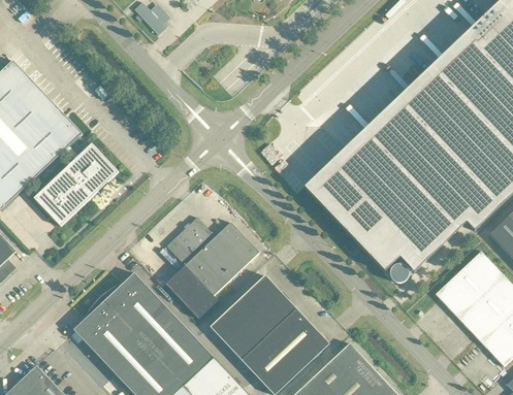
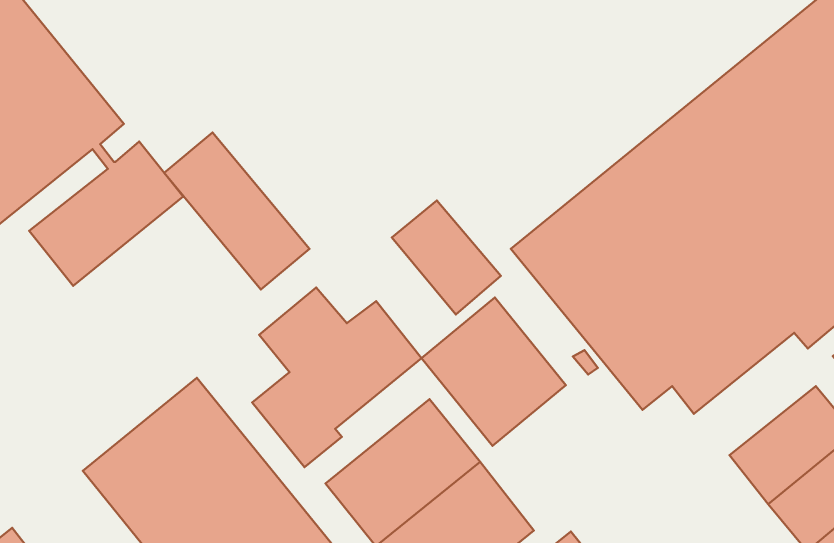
building: none -> [164,132,309,289]
building: none -> [392,201,501,315]
building: none -> [421,297,566,446]

